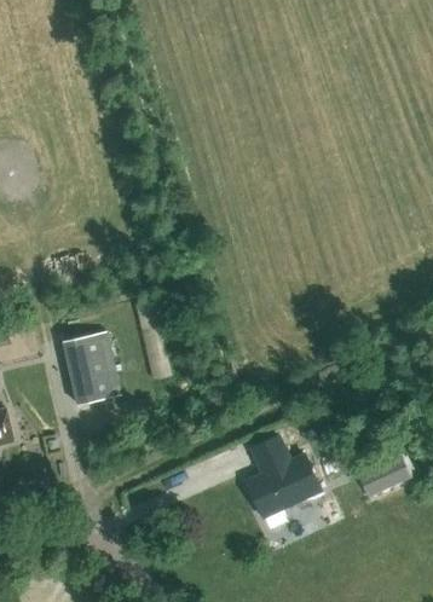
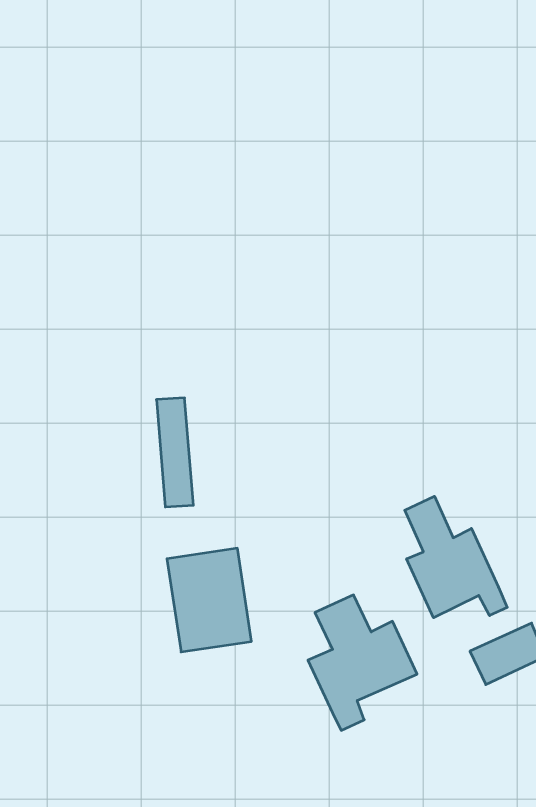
building: [62,330,120,401] -> [167,548,251,652]
building: none -> [405,496,507,618]

